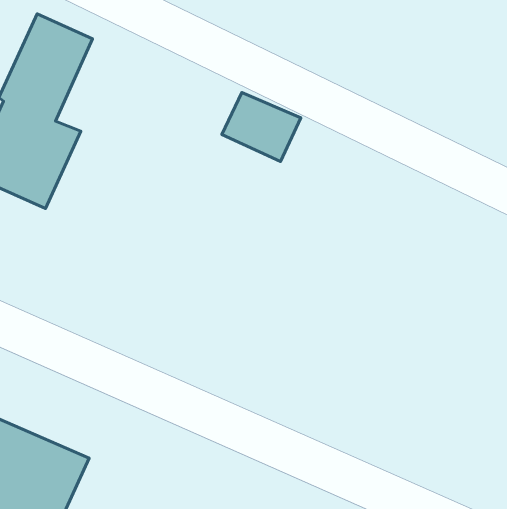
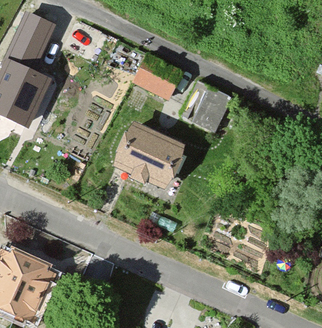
building: none -> [182,84,232,132]
building: none -> [115,125,184,189]

